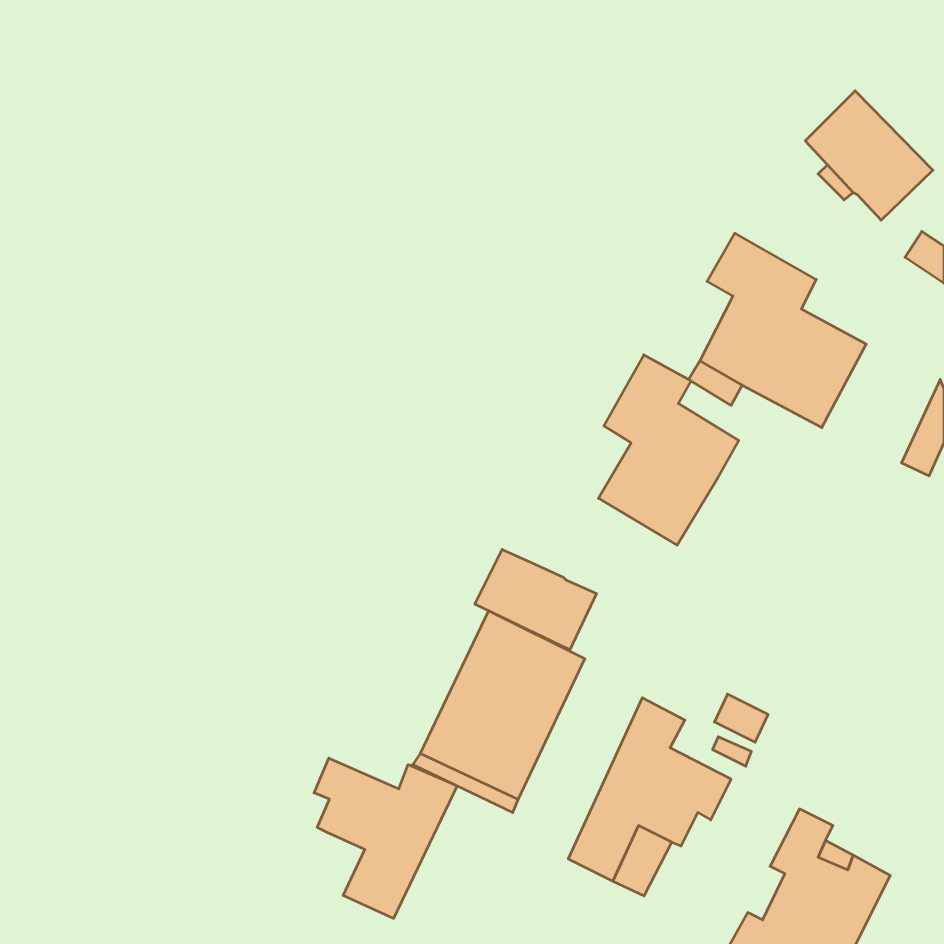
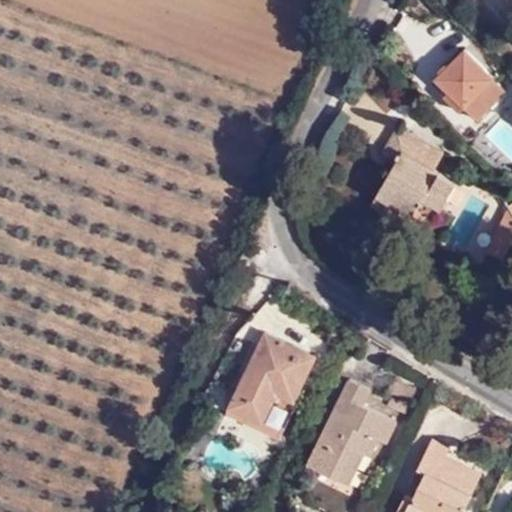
building: [598,355,739,545] -> none
building: [475,549,596,650] -> none
building: [314,758,457,918] -> none

